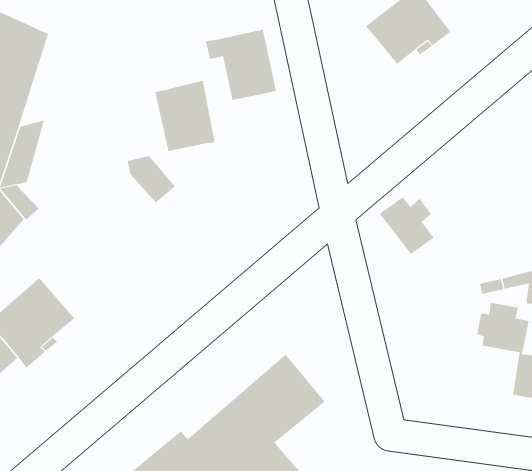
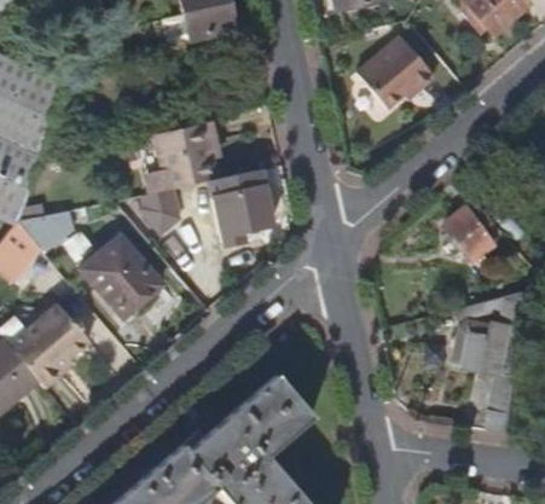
building: [205,29,277,100] -> [207,170,272,236]
building: [379,197,435,255] -> [442,208,493,261]
building: none -> [80,237,164,324]

